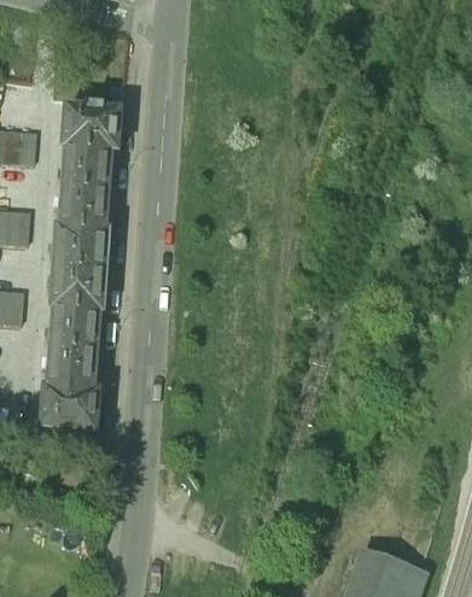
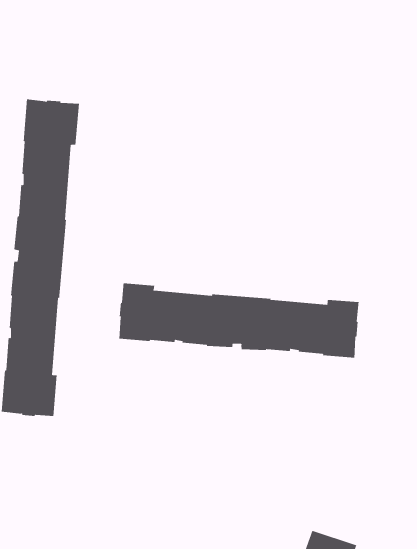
building: none -> [119,283,359,358]

